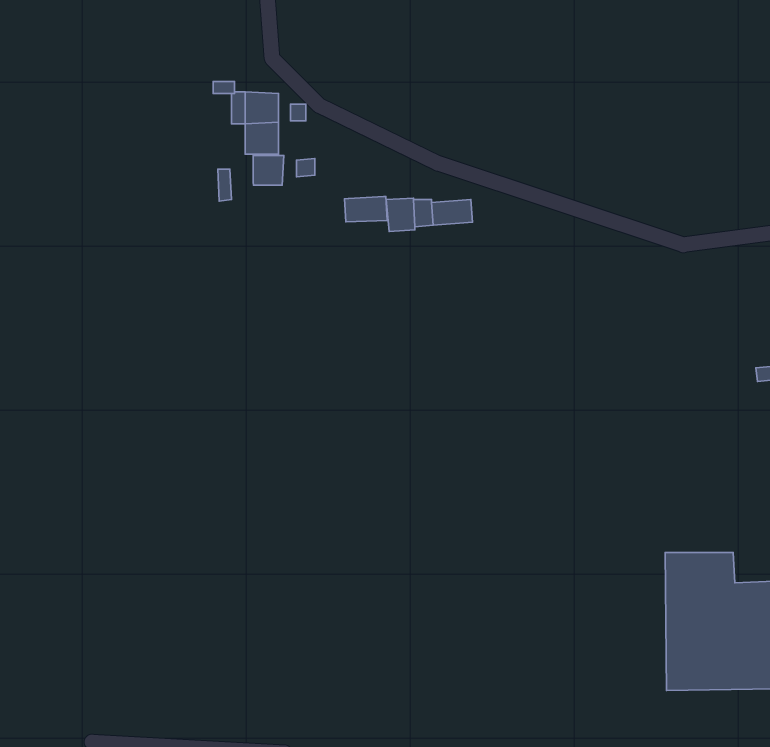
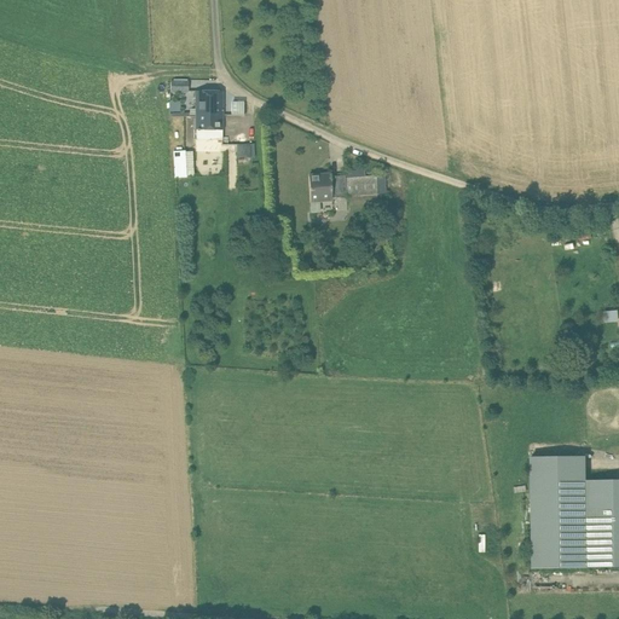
building: [253,155,284,185] -> none
building: [345,196,387,222] -> none

